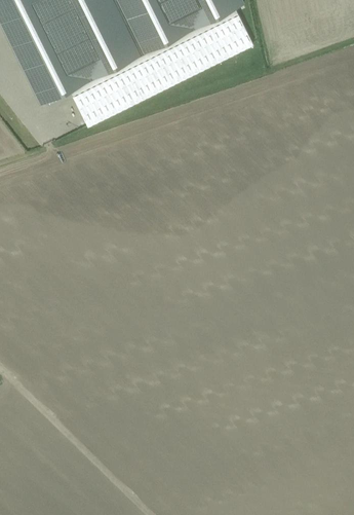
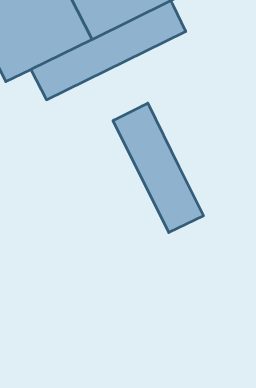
building: none -> [113,103,203,233]

